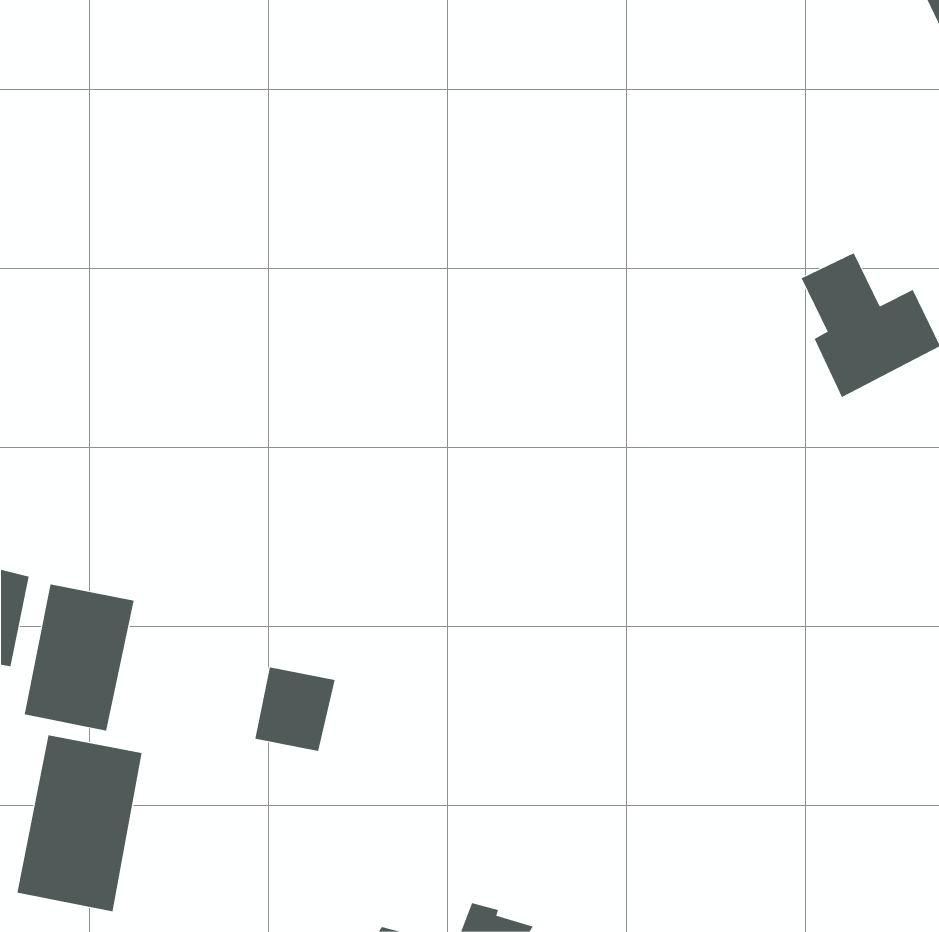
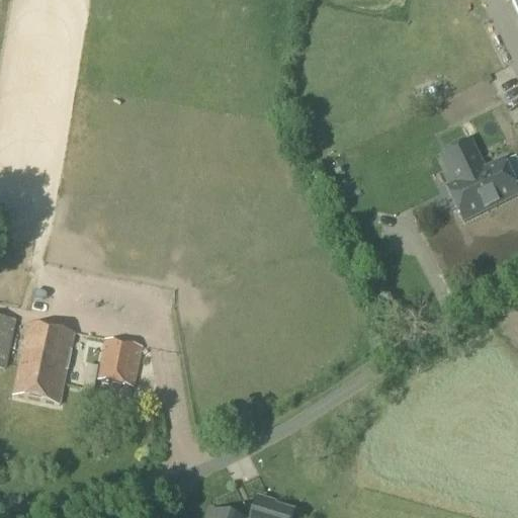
building: [254,667,335,752] -> [98,337,143,383]
building: [17,734,142,912] -> none

